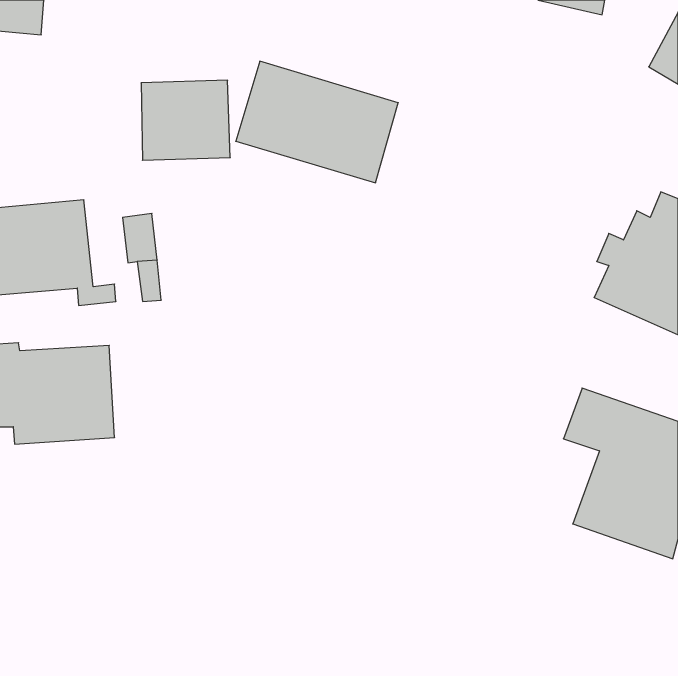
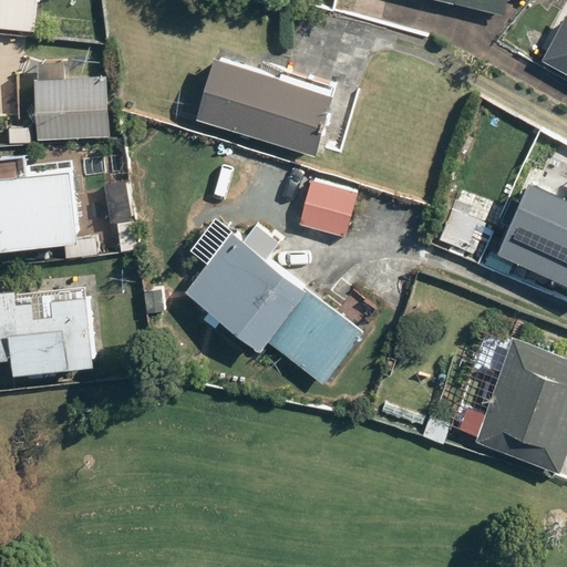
building: [141,80,230,160] -> [34,78,109,144]
building: none -> [301,183,357,235]
building: none -> [183,218,378,384]

